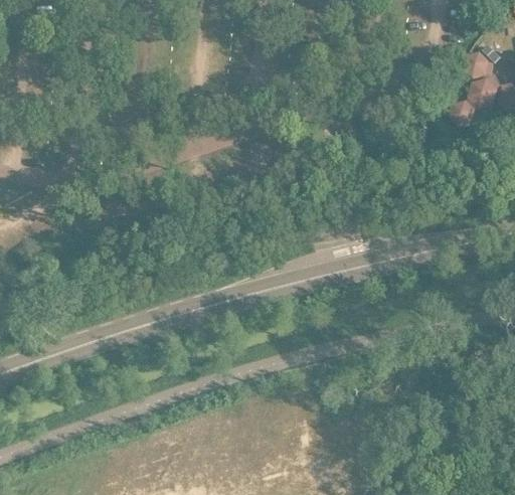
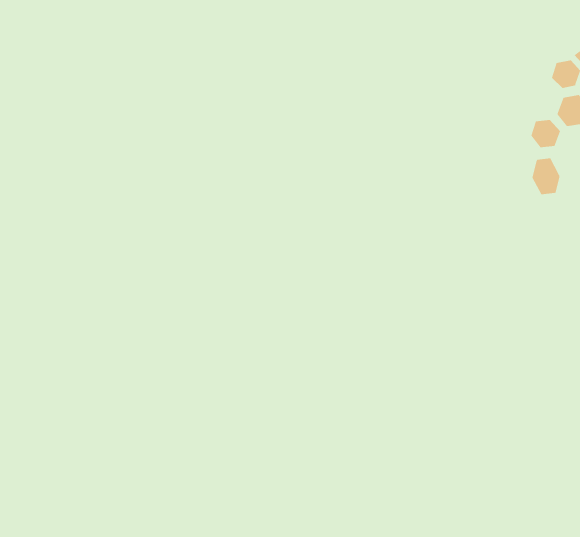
building: none -> [532,157,560,195]

